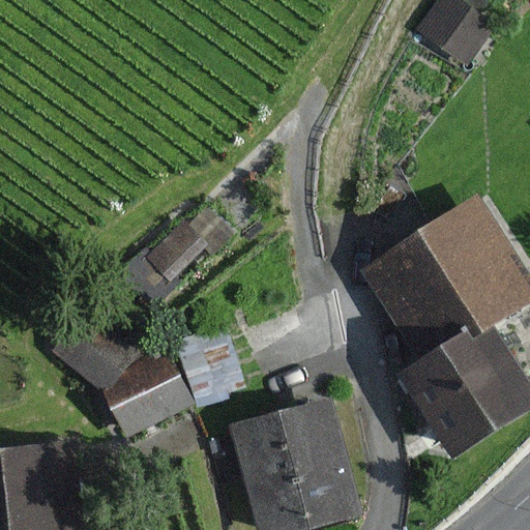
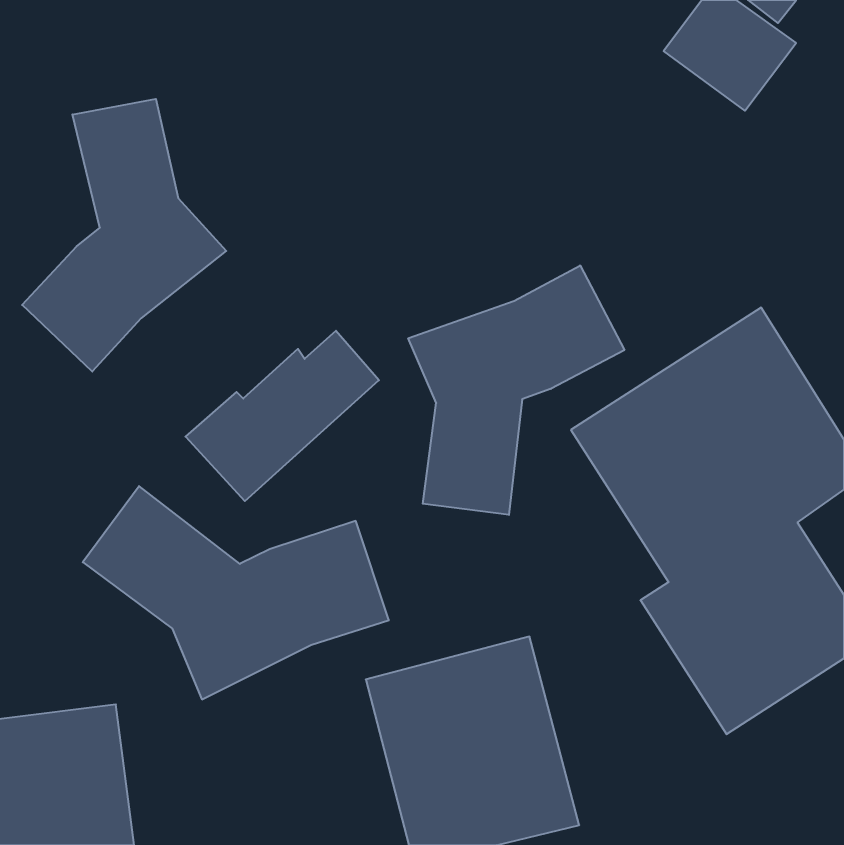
building: none -> [22,99,226,372]
building: none -> [408,265,624,515]

